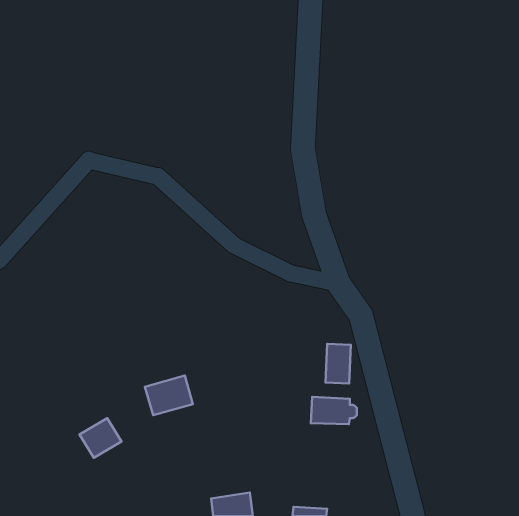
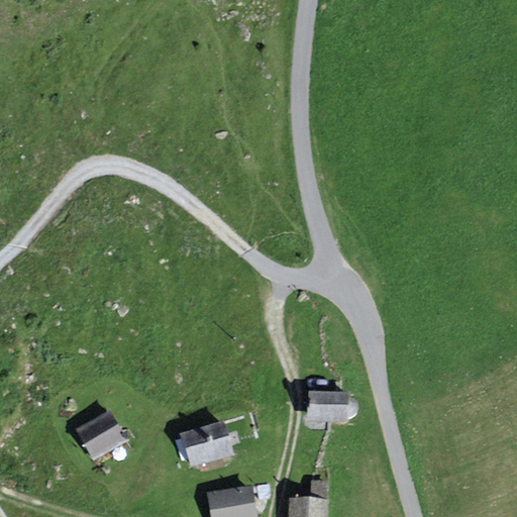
building: [326,344,351,384] -> none
building: [145,375,193,415] -> [182,423,229,462]

